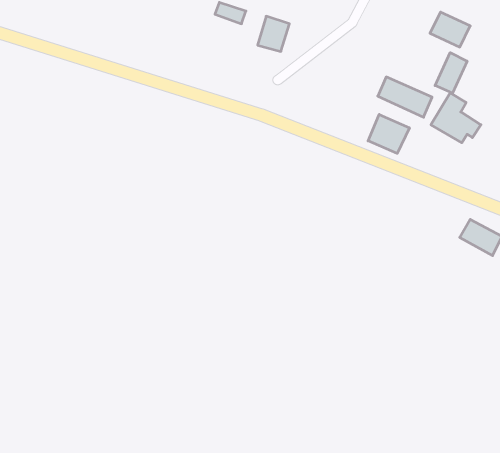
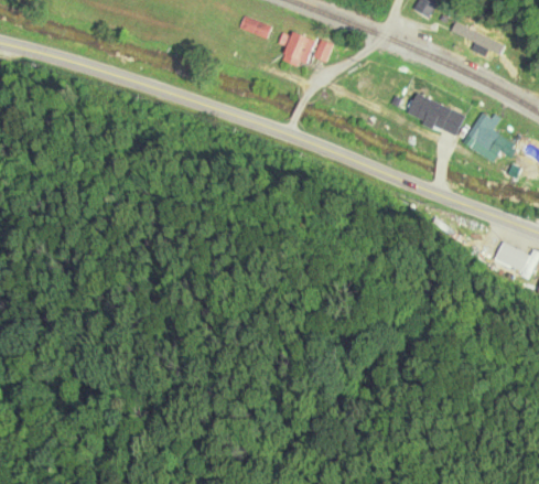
building: [435,53,467,93] -> none
building: [368,114,409,153] -> none

